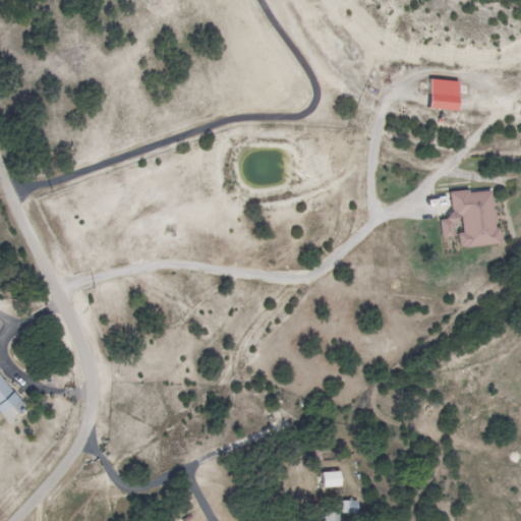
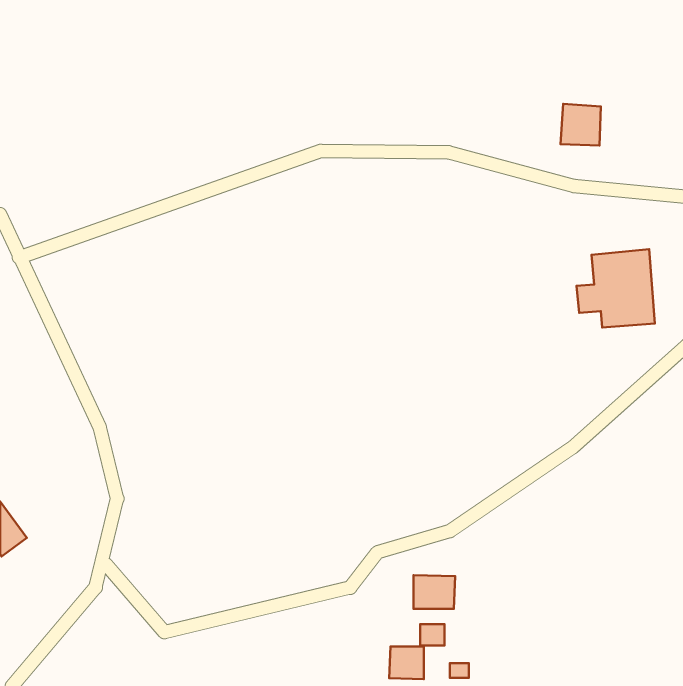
building: none -> [414,575,455,609]
building: none -> [389,646,424,679]

